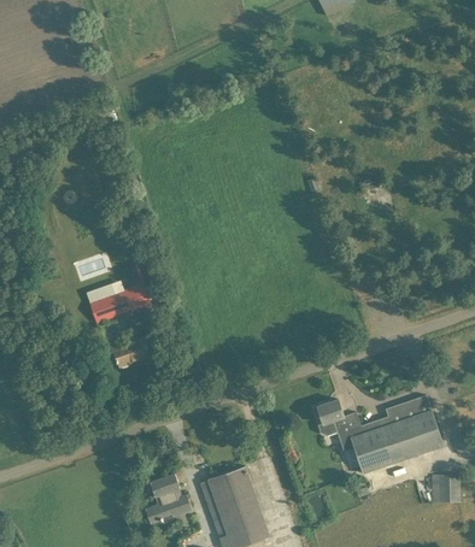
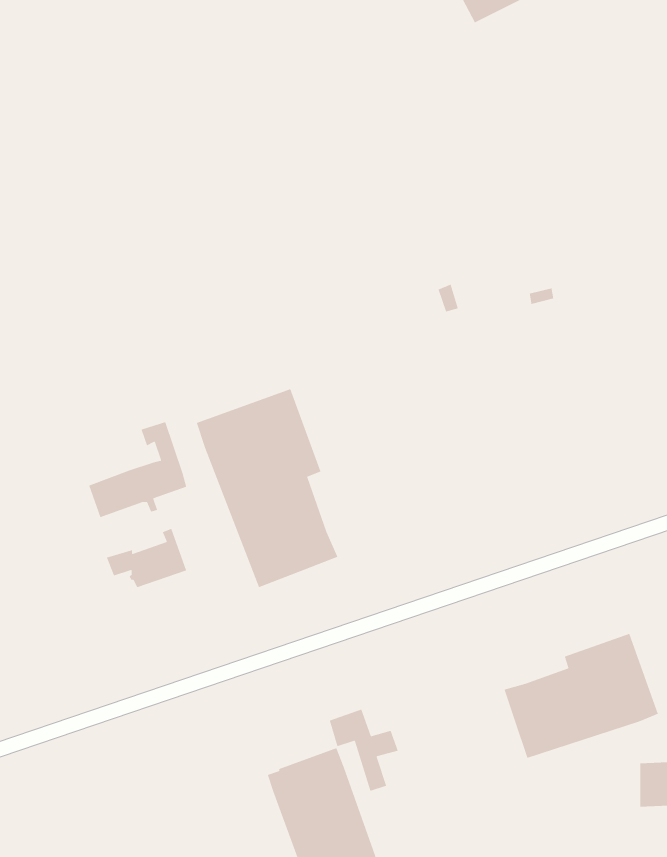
building: none -> [196,388,339,588]
building: [317,399,360,451] -> [329,708,399,792]
building: [146,474,192,524] -> none

